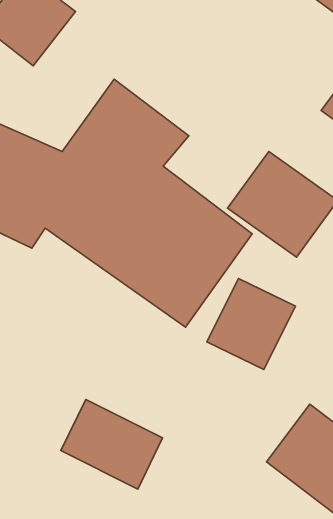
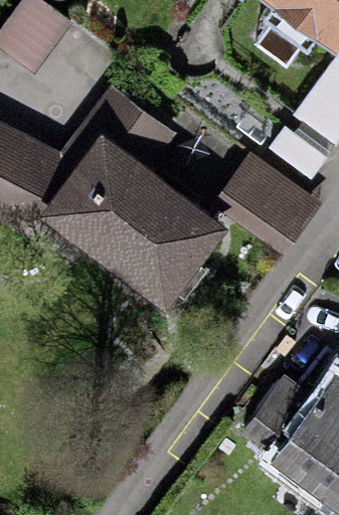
building: [207,278,295,369] -> none
building: [61,400,163,489] -> none

